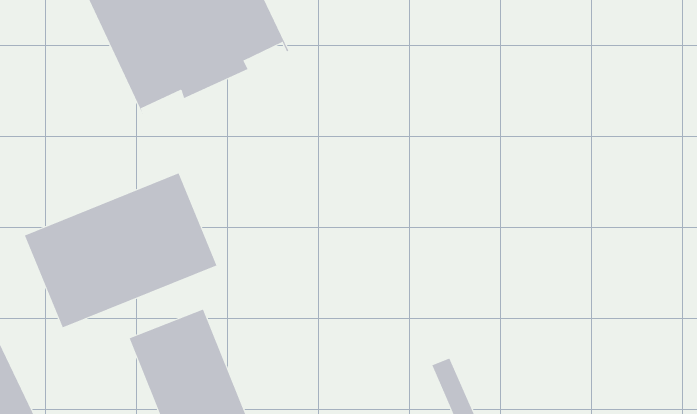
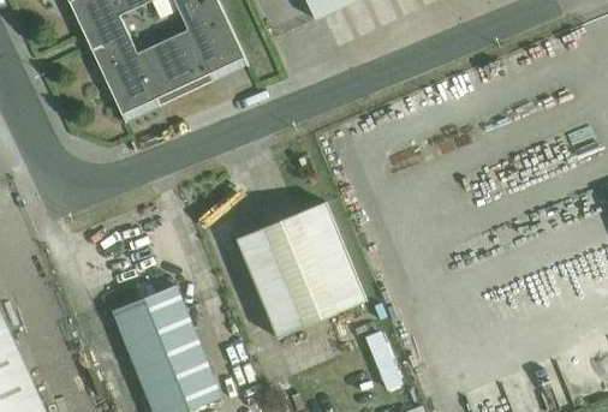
building: [24,173,217,328] -> none
building: none -> [236,202,366,338]

